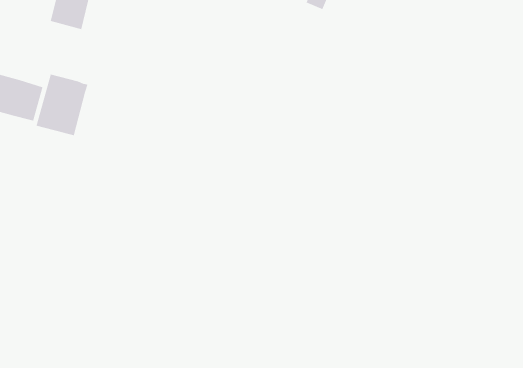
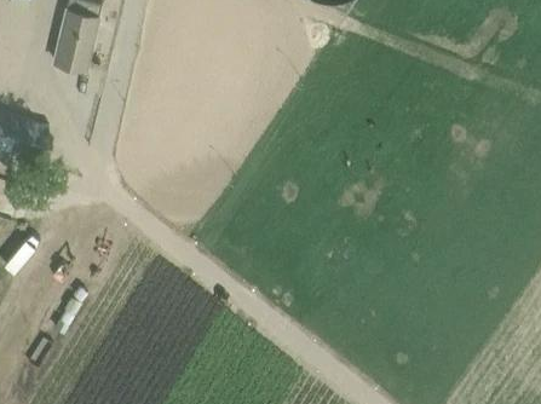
building: [35,73,88,136] -> none

